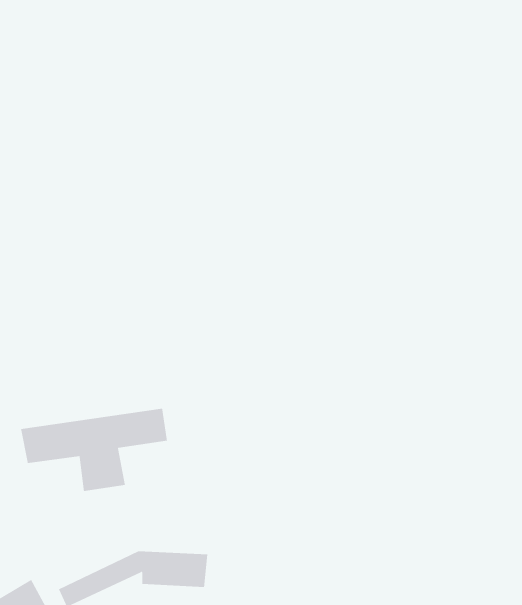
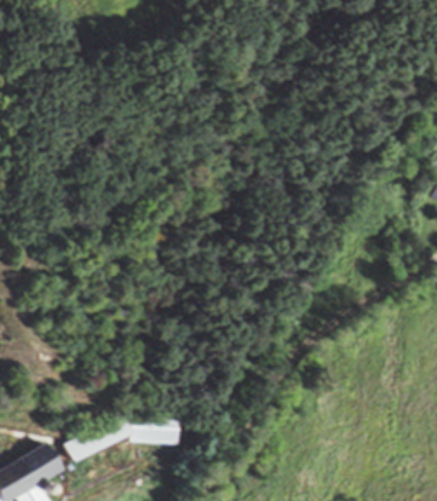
building: [20,408,167,492] -> none

